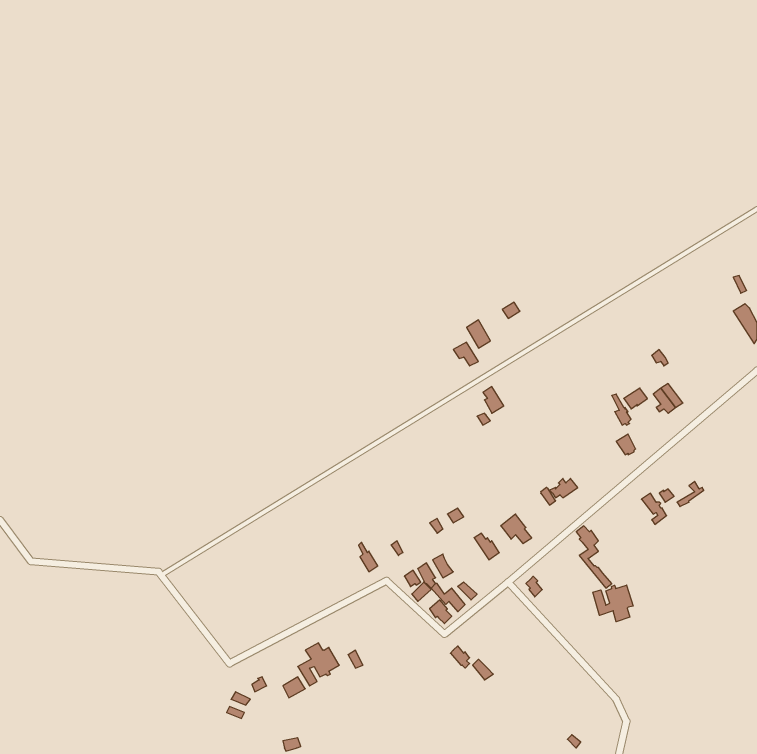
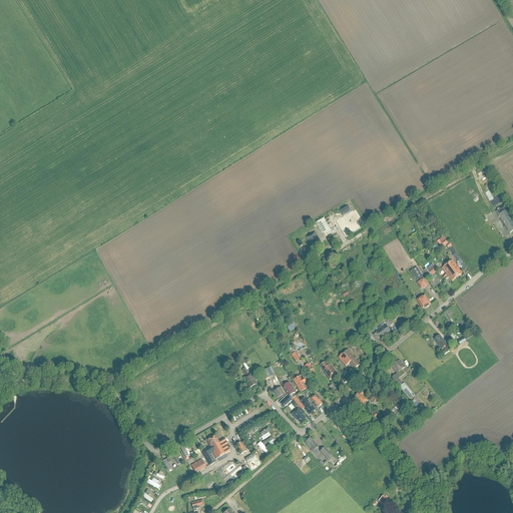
building: [593,585,633,622] -> none

